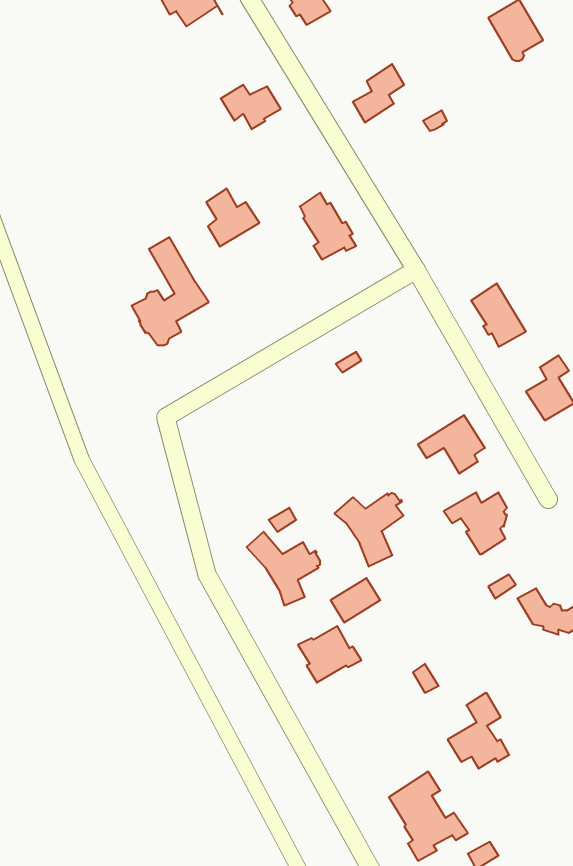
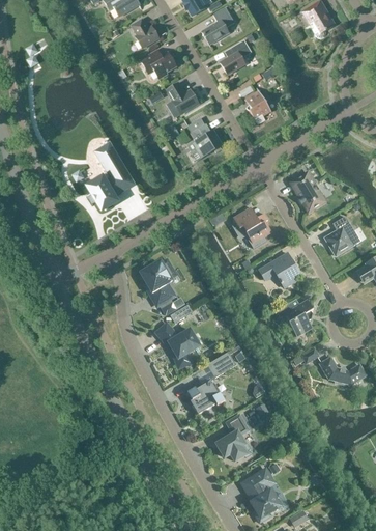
building: none -> [201,7,234,45]
building: none -> [131,19,158,49]
building: none -> [244,85,271,128]
building: [206,188,259,247] -> [166,82,198,117]
building: none -> [232,206,271,247]
building: none -> [141,258,176,305]
building: [335,493,403,567] -> none
building: [448,693,509,769] -> [215,415,253,460]

